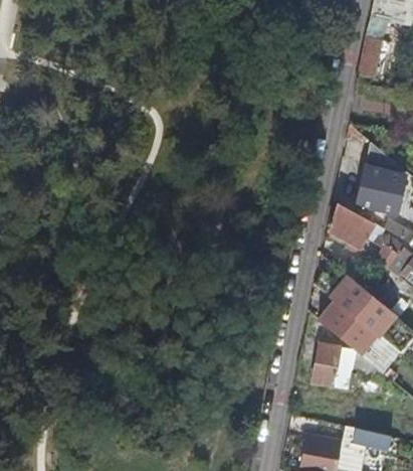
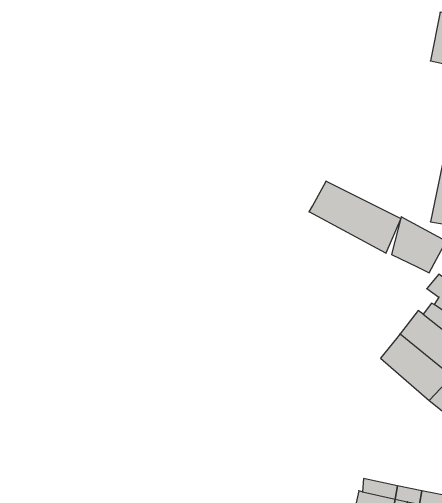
building: none -> [309,181,401,253]
building: [313,342,357,389] -> none

